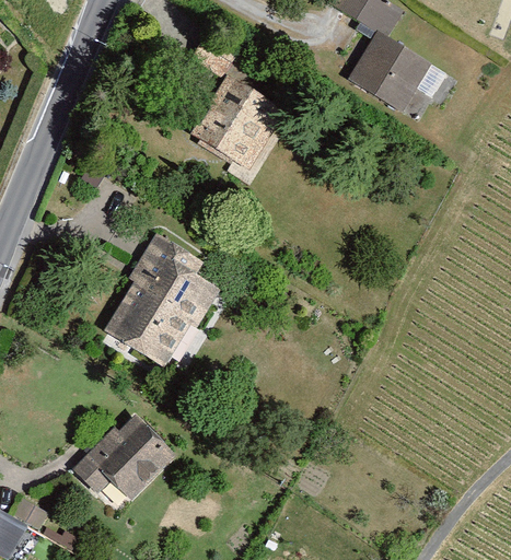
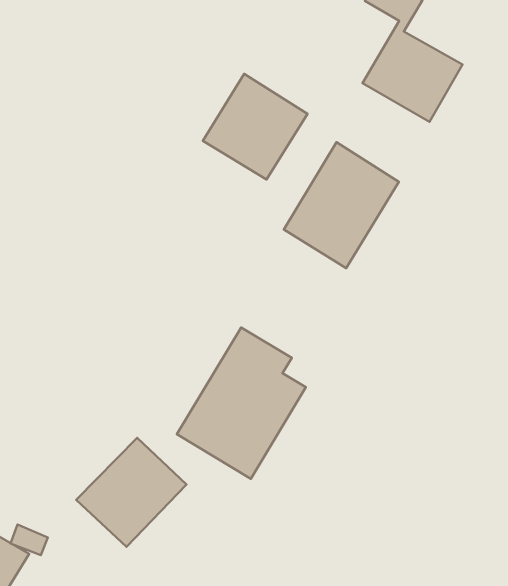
building: none -> [284,142,399,268]
building: [97,232,218,373] -> [177,327,306,479]

